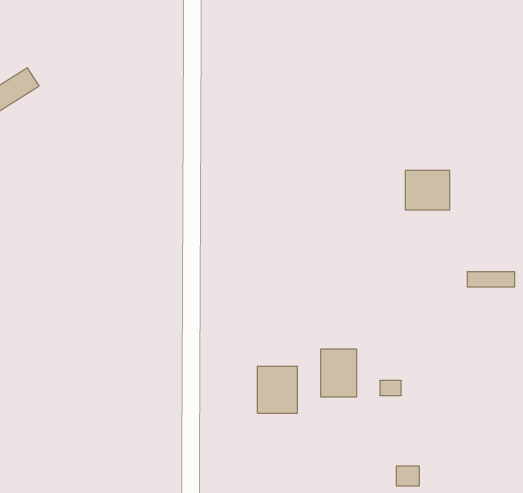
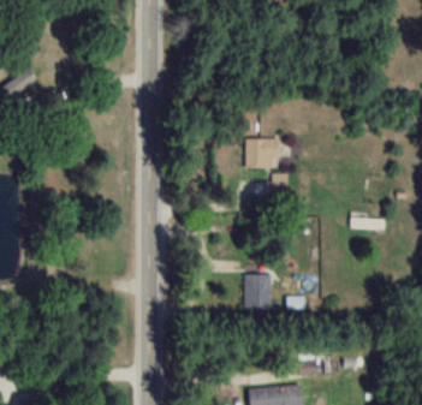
building: [405,170,450,210] -> [245,139,278,168]
building: [258,366,297,413] -> none

